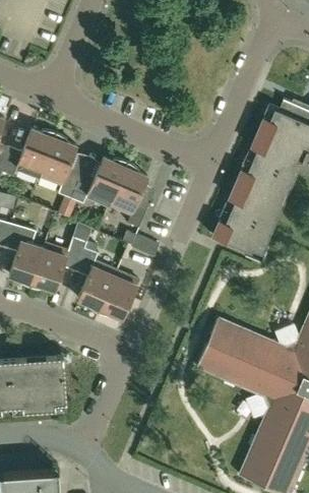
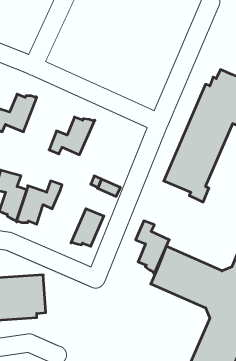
building: [39,133,79,198] -> none
building: [108,162,146,228] -> none
building: [74,248,116,313] -> [136,221,169,273]

